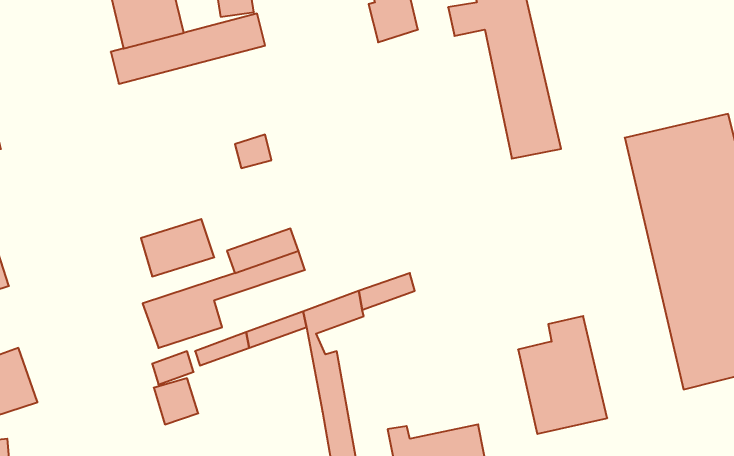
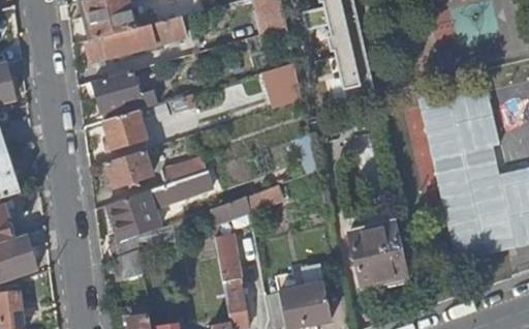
building: none -> [259,61,303,109]
building: none -> [93,70,138,112]
building: none -> [103,110,145,148]

